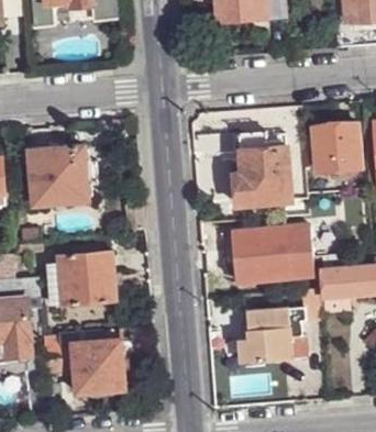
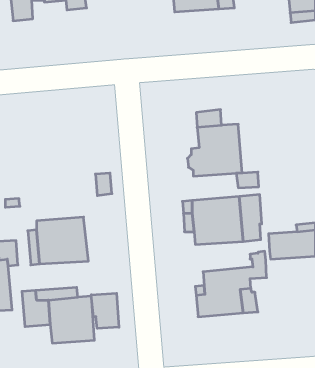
building: [314,124,361,171] -> none
building: [29,145,88,204] -> none
building: none -> [91,293,119,328]

